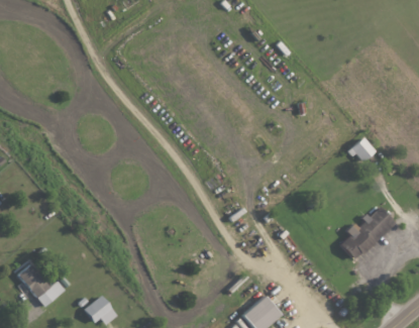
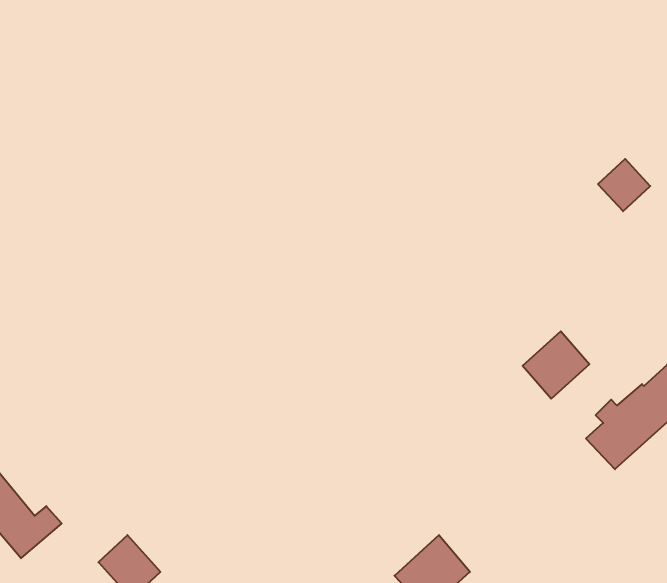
building: [347,136,375,163] -> [598,159,650,211]
building: none -> [523,331,589,399]

